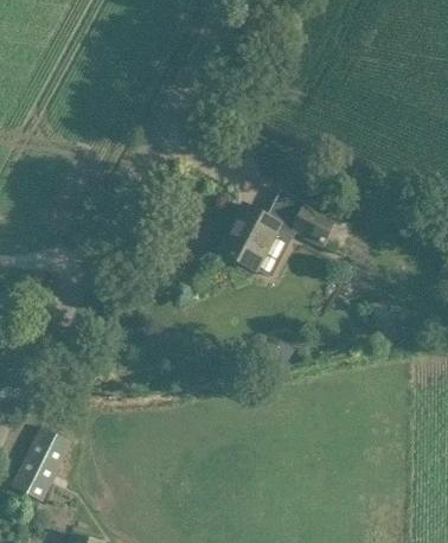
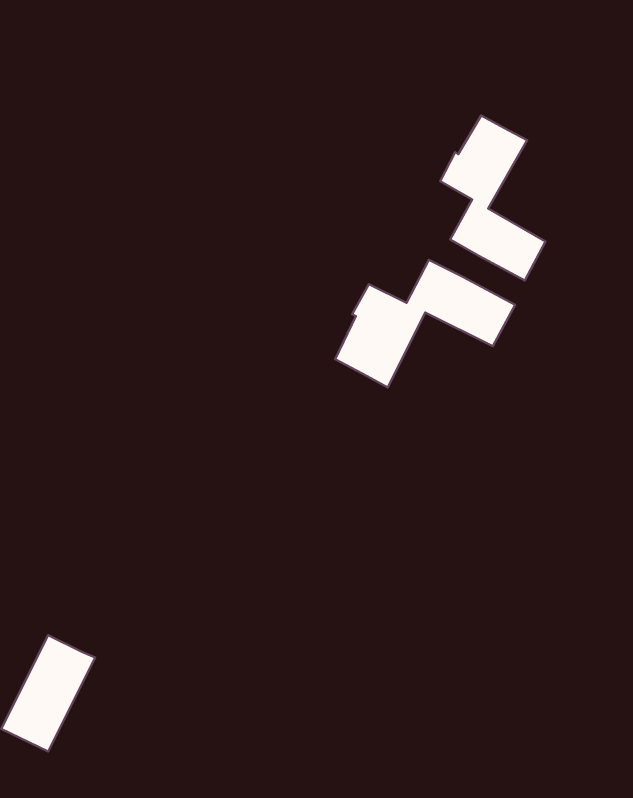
building: none -> [440,115,545,281]

